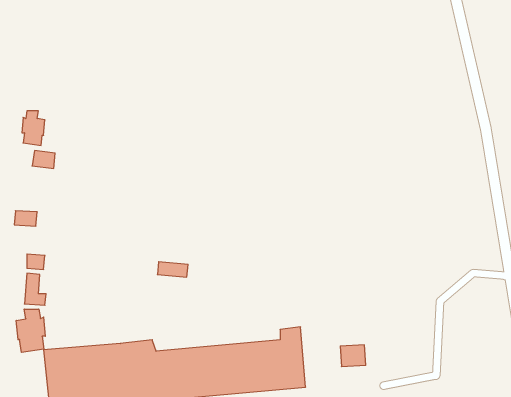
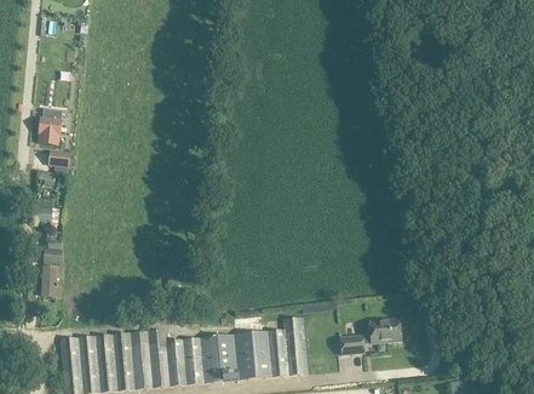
building: [16,309,45,352] -> none
building: none -> [369,318,400,342]

